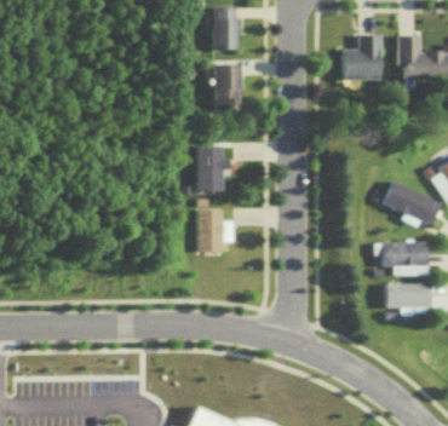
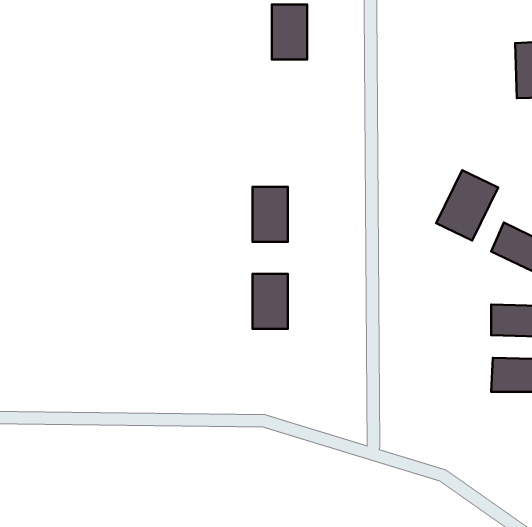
building: [341,39,384,84] -> none
building: [217,69,245,115] -> none
building: none -> [436,170,498,241]

